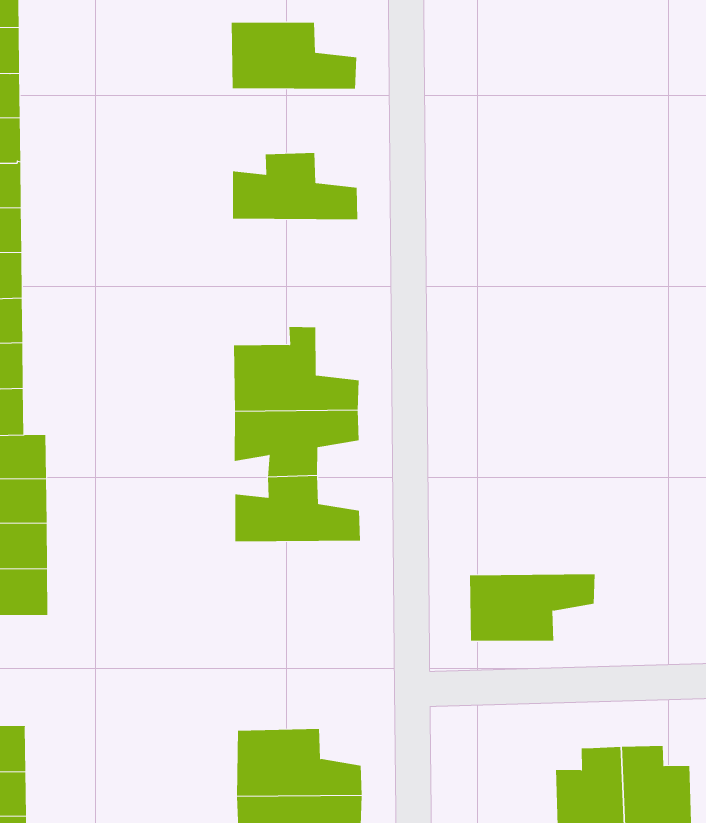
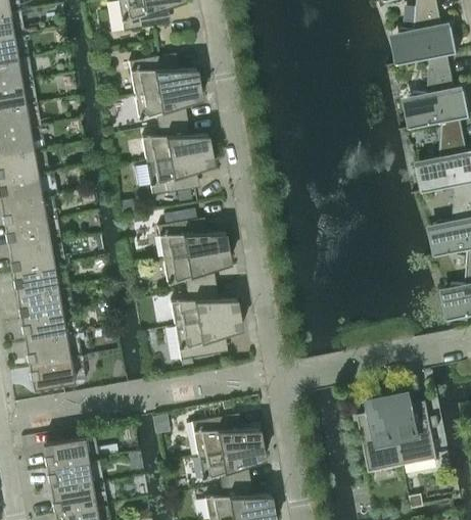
building: none -> [135,84,201,125]
building: none -> [146,150,213,194]
building: [469,574,595,641] -> [175,314,241,359]

